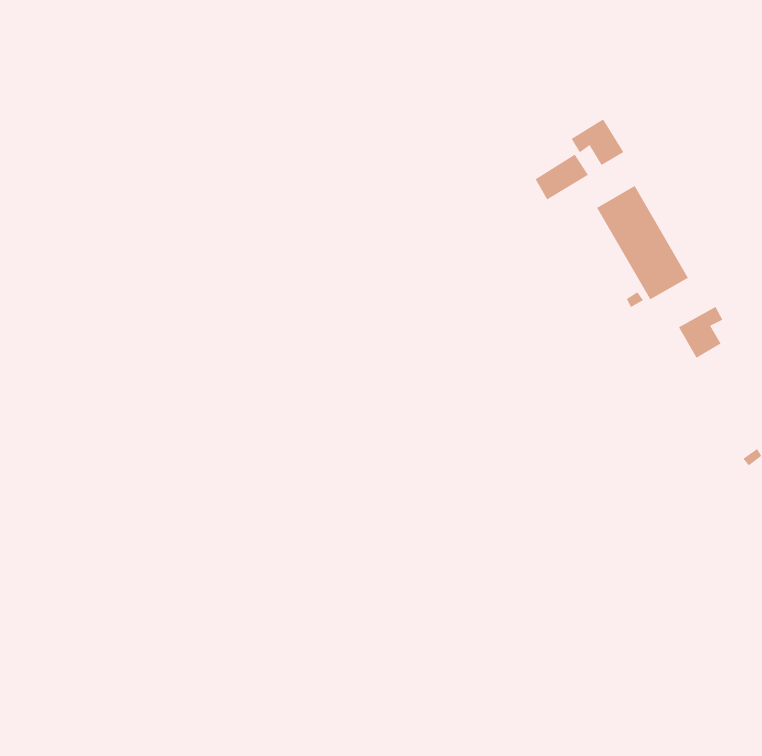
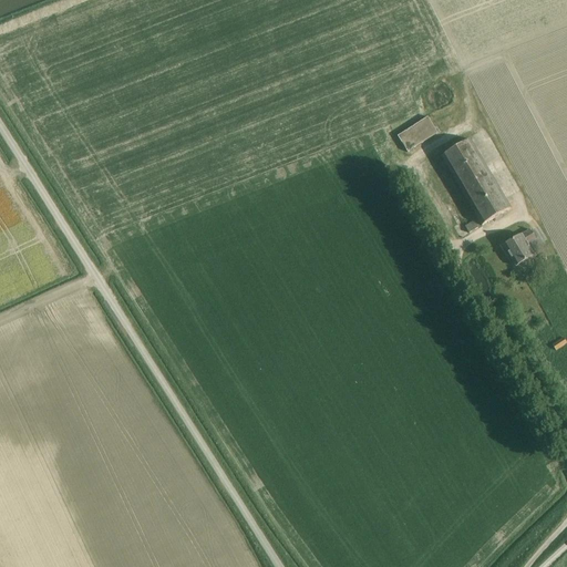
building: [571,118,624,166] -> none

